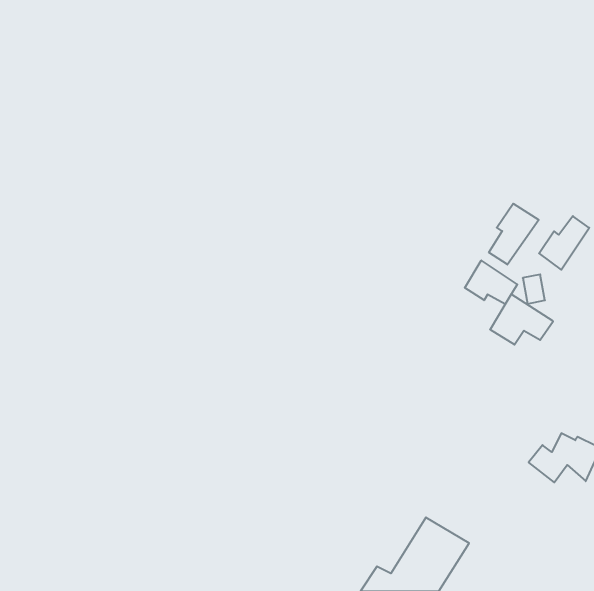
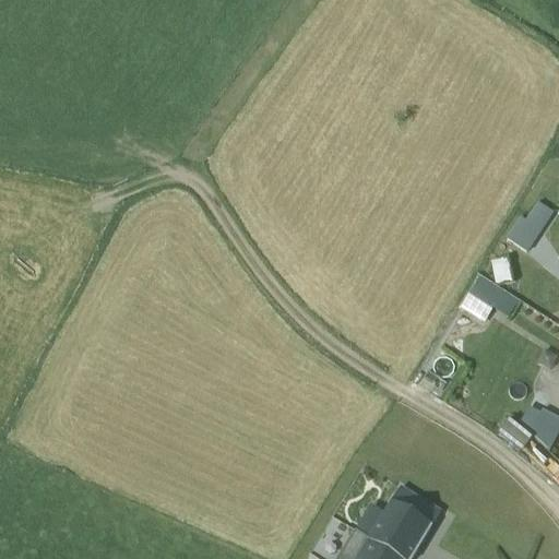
building: [489,204,539,265] -> none
building: [465,260,517,304] -> none

